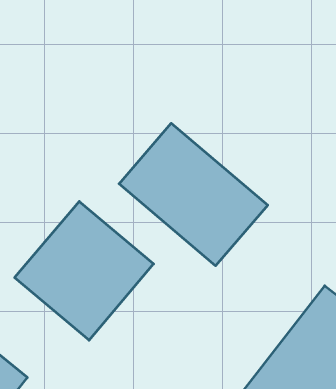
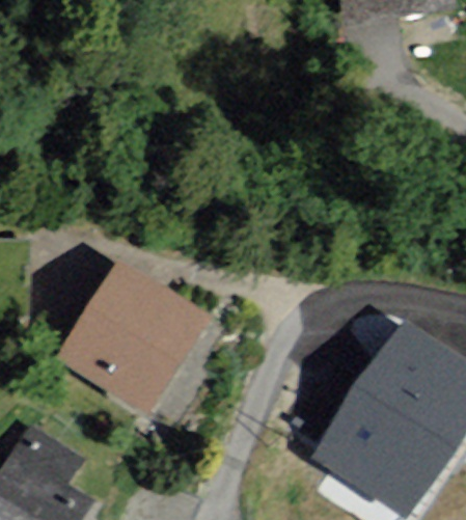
building: [119,123,268,266] -> none

